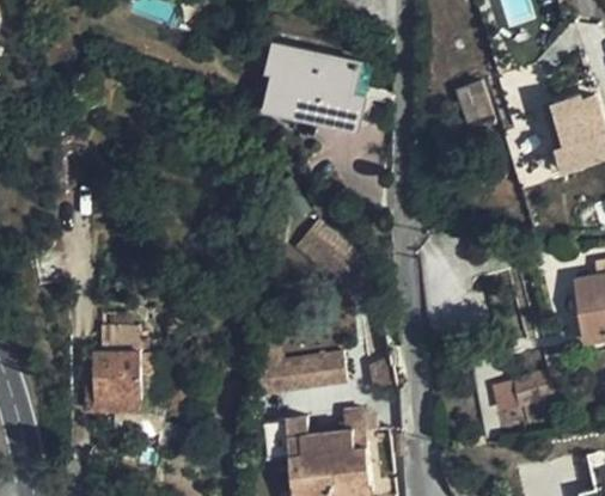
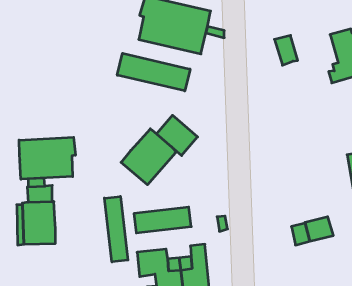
building: none -> [117,53,190,91]
building: none -> [121,129,176,185]
building: none -> [19,137,75,179]
building: none -> [104,196,128,262]

